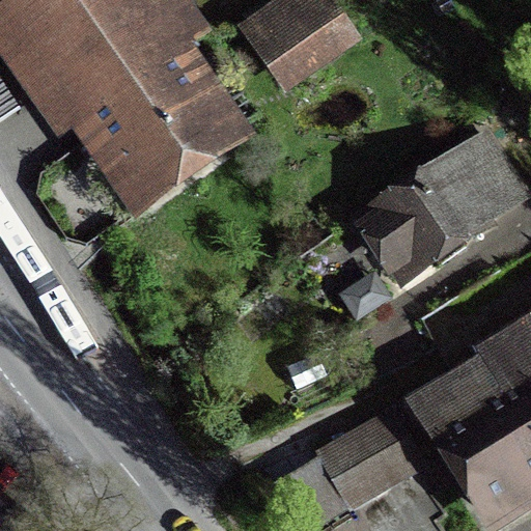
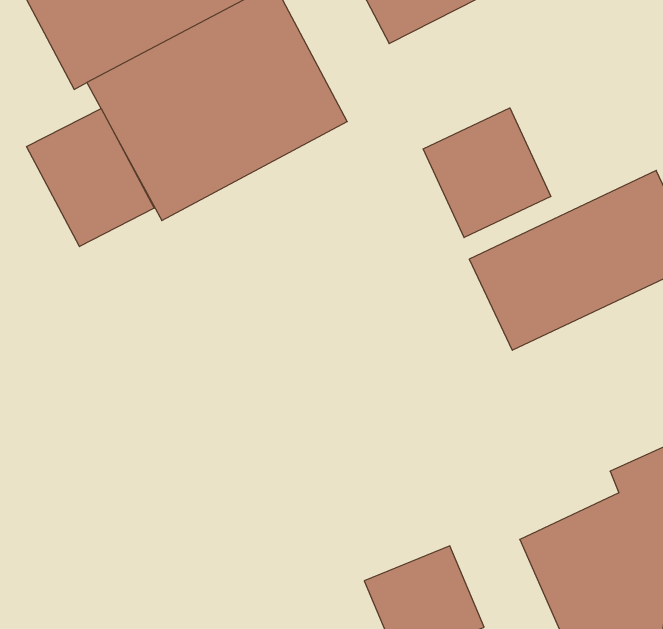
building: none -> [423,108,551,238]
building: none -> [27,108,154,247]

